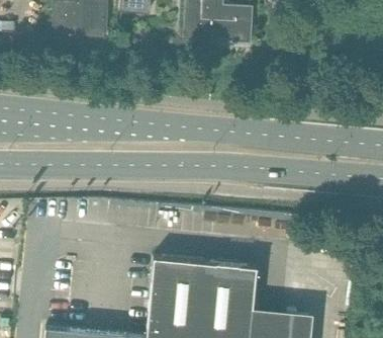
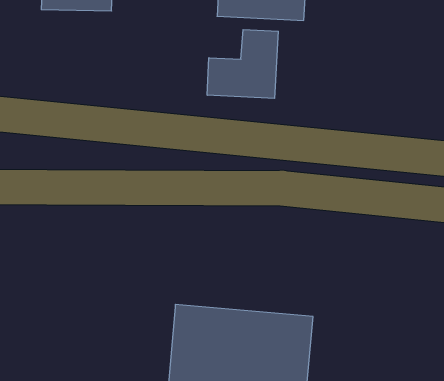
building: none -> [207,30,278,98]

